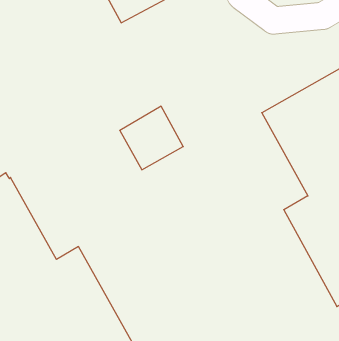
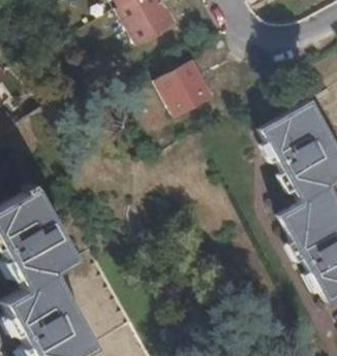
building: [120,106,183,170] -> [154,61,211,118]

